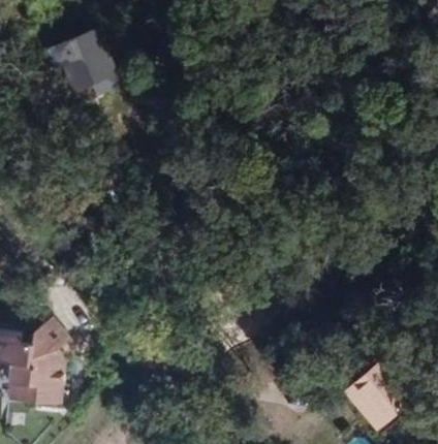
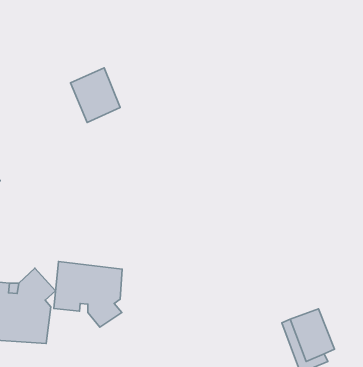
building: [60,41,115,101] -> [70,68,120,123]
building: none -> [54,261,122,327]

